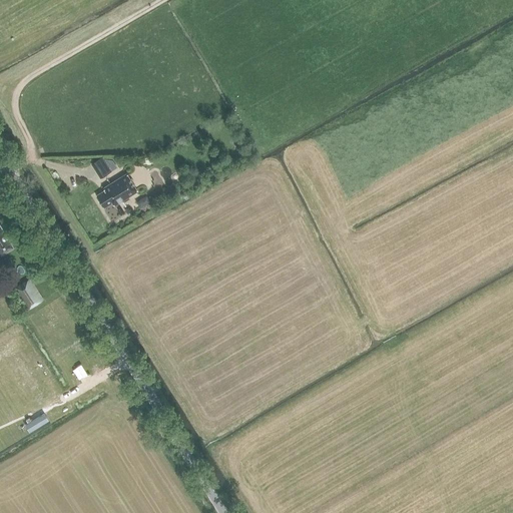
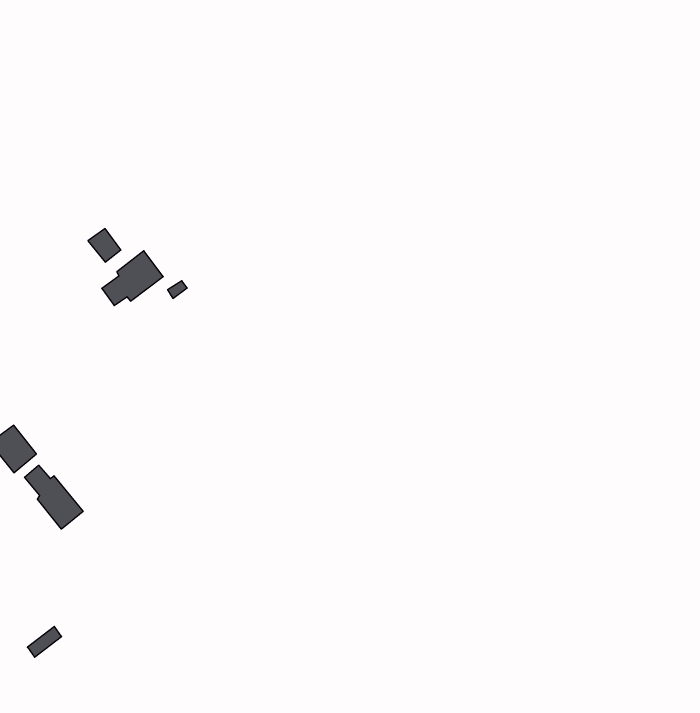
building: none -> [25,465,83,529]

